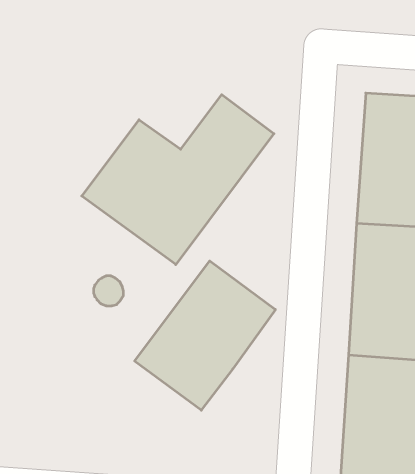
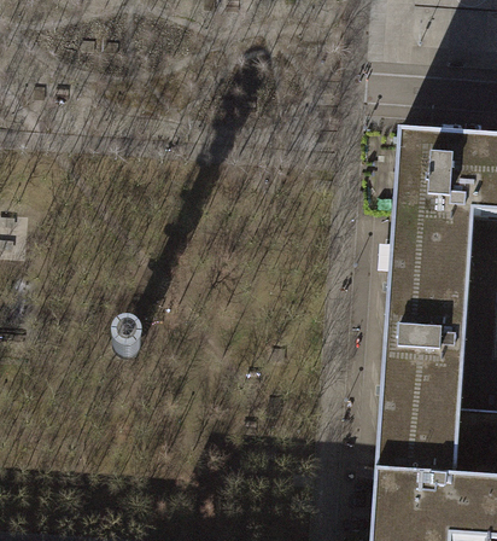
building: [82,95,274,265] -> none
building: [135,261,275,410] -> none

